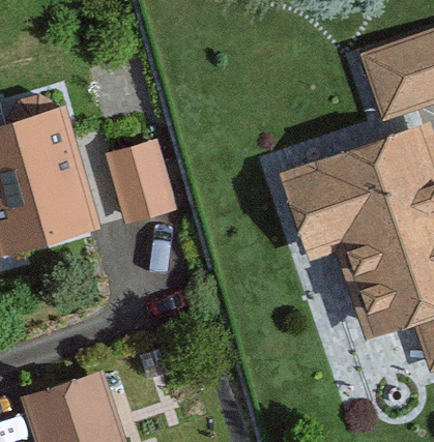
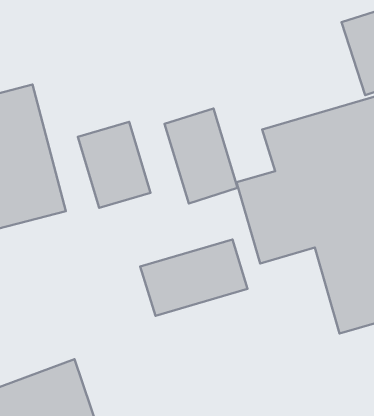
building: none -> [165,108,238,203]
building: none -> [140,239,248,316]

